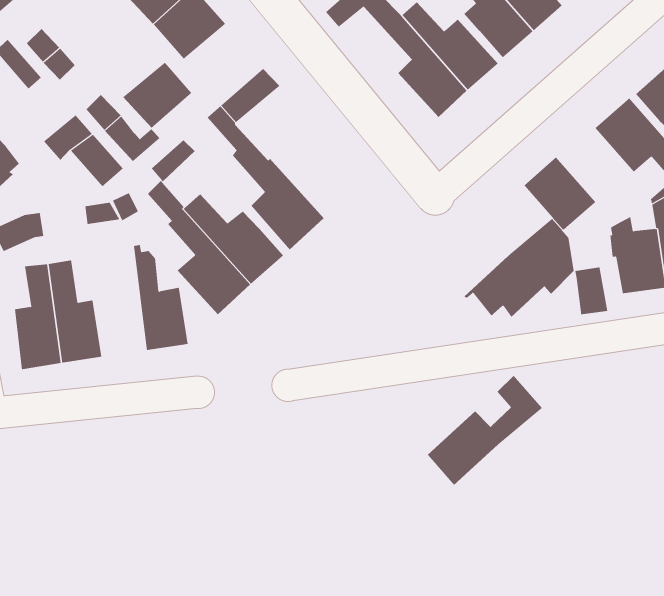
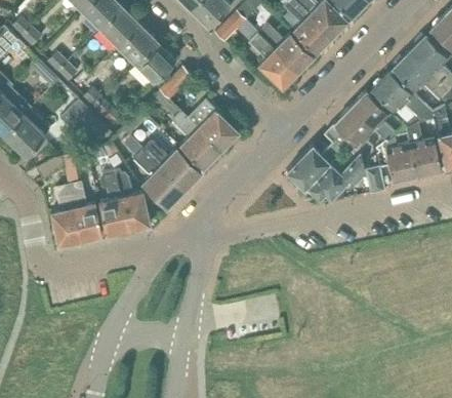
building: [123,62,192,128] -> [137,44,176,82]
building: none -> [190,101,239,150]
building: none -> [351,91,397,143]
building: none -> [99,172,127,235]
building: [427,375,543,486] -> [287,124,351,189]

